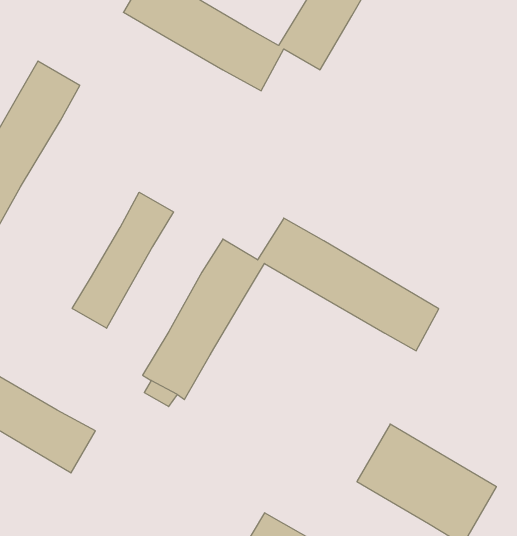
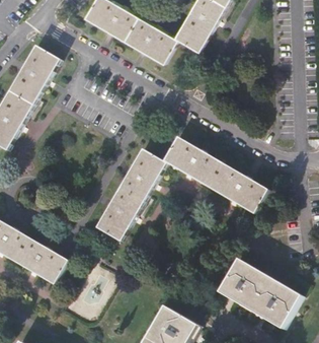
building: [72,192,174,328] -> none

